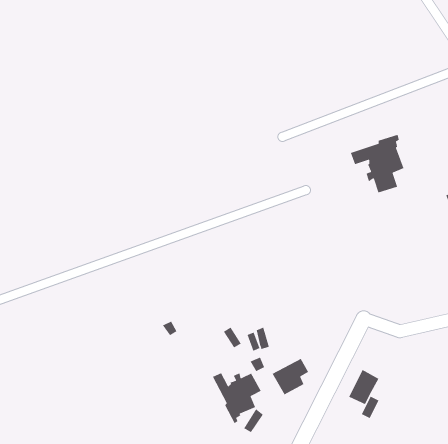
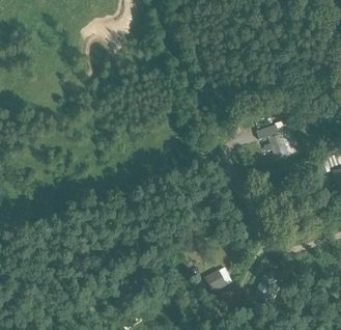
building: [212,372,262,424] -> none

